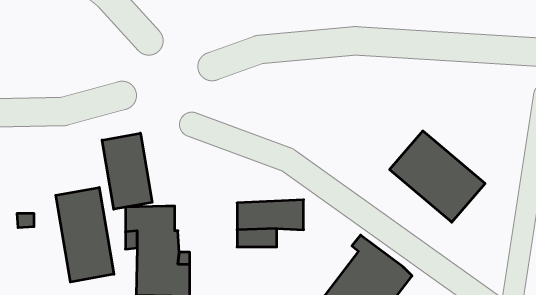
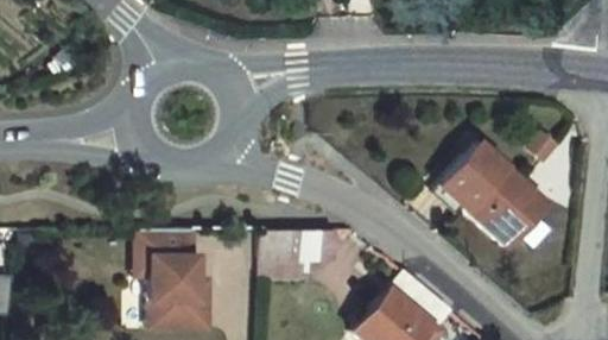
building: [102,133,152,209] -> none
building: [56,187,114,282] -> none

